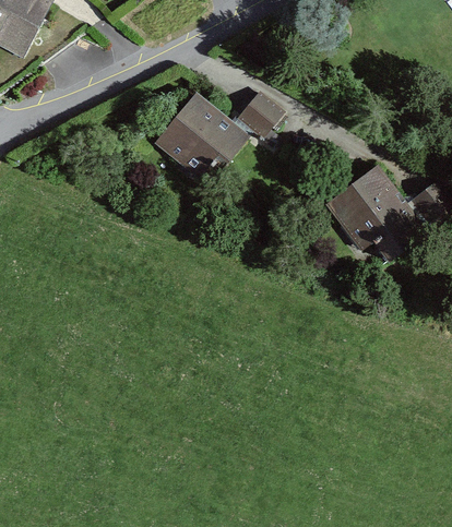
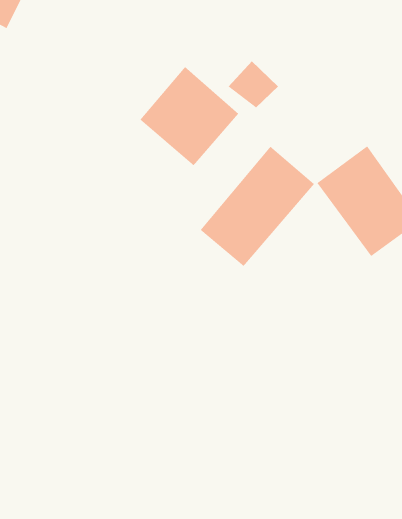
building: none -> [200,146,315,267]

